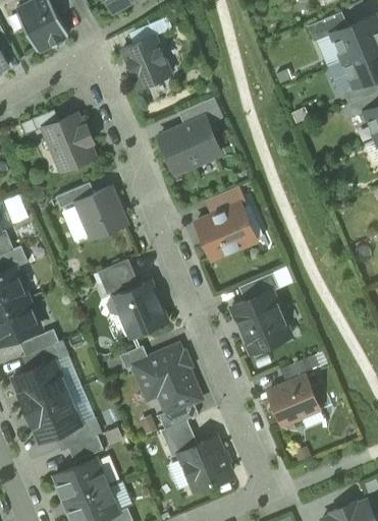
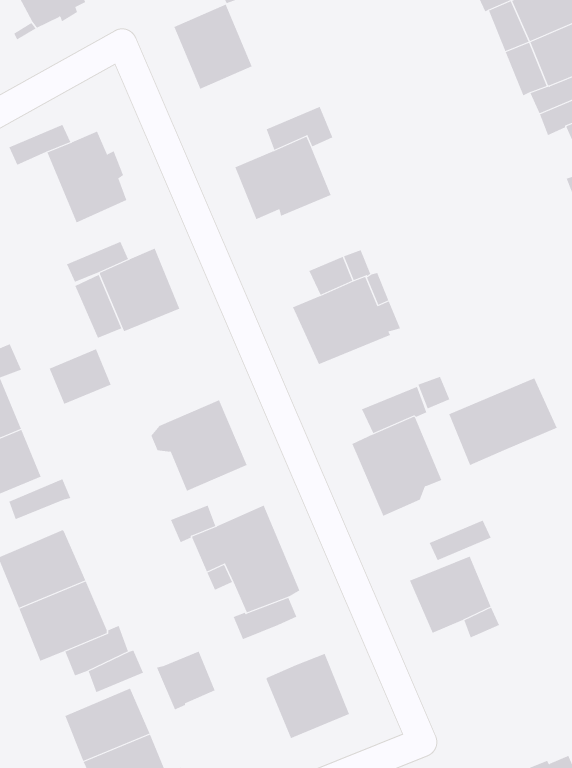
building: [99,259,138,294] -> [49,349,111,405]
building: none -> [448,378,557,466]
building: [21,343,62,372] -> none
building: [161,420,198,457] -> [156,651,216,710]

